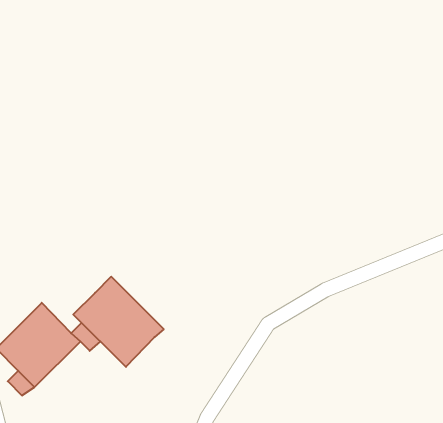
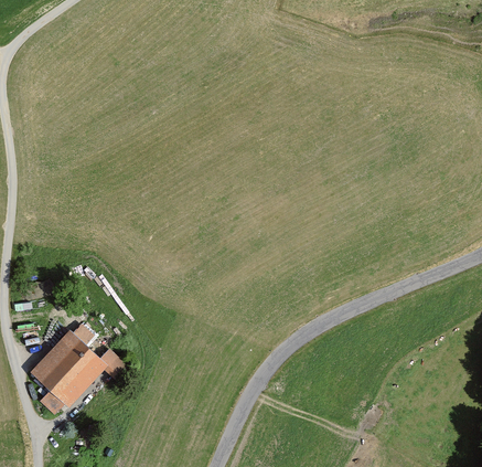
building: [73,277,164,367] -> none

